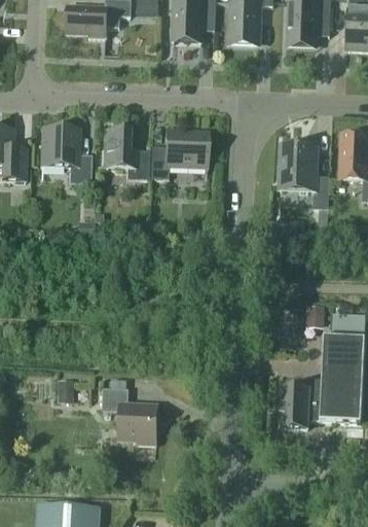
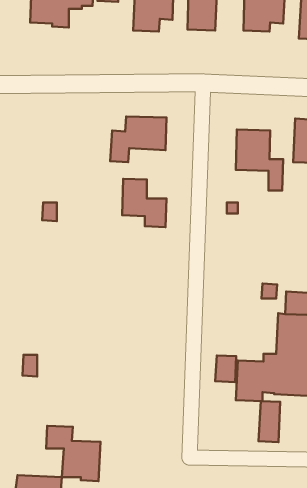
building: [40,127,91,182] -> none
building: [103,129,149,179] -> [122,179,167,227]
building: none -> [215,355,236,382]
building: [101,387,157,445] -> [46,426,100,481]
building: none -> [259,401,280,442]

